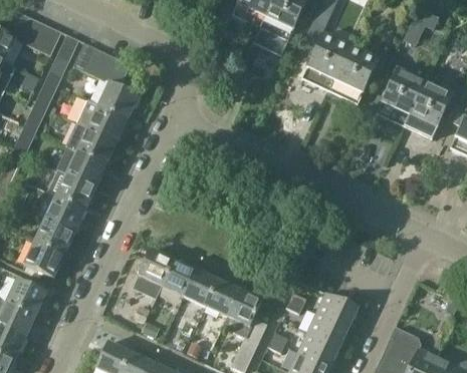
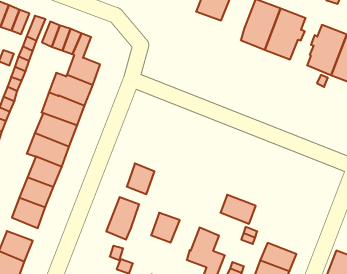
building: [161,259,194,295] -> [127,163,155,194]
building: [205,280,239,316] -> none
building: [316,293,358,328] -> [220,195,256,224]

